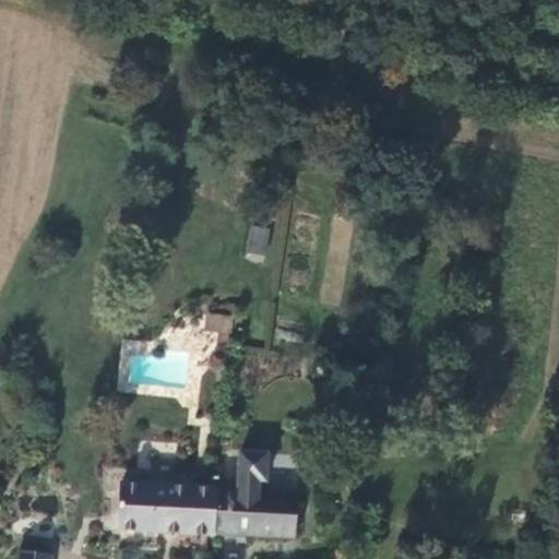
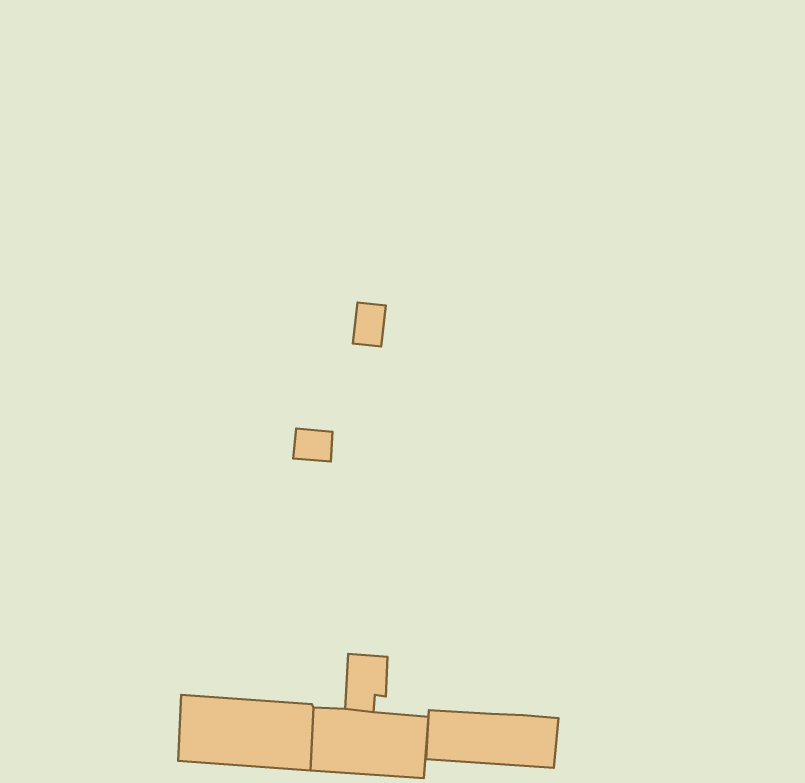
building: none -> [426,710,559,768]

